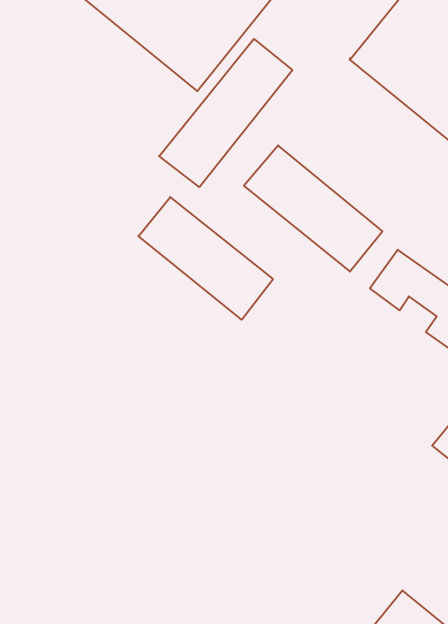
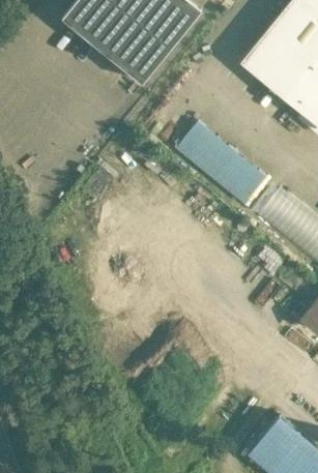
building: [159,39,292,187] -> none
building: [138,197,273,320] -> none

